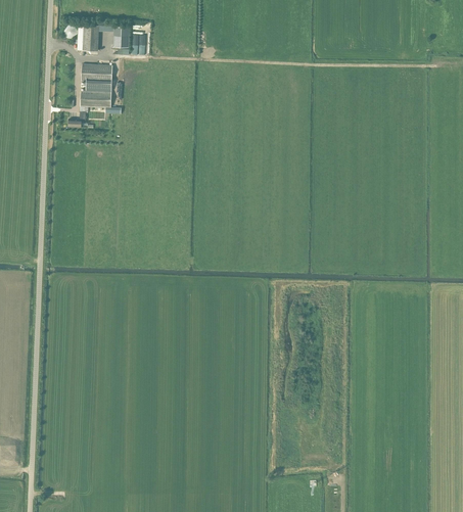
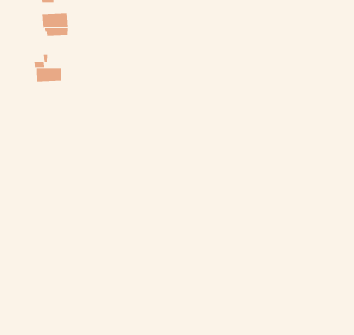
building: [80,90,111,107] -> [36,68,62,82]

